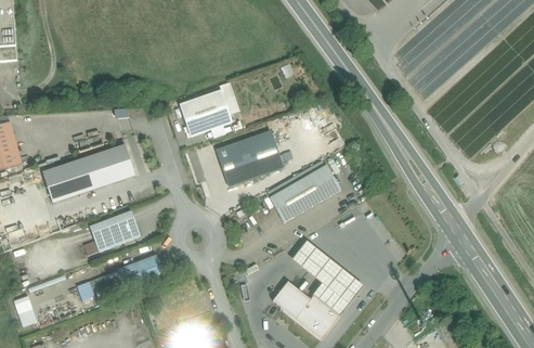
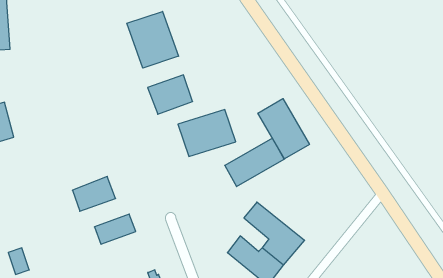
building: none -> [127,11,179,68]
building: none -> [258,99,309,159]
building: [42,143,134,202] -> none

